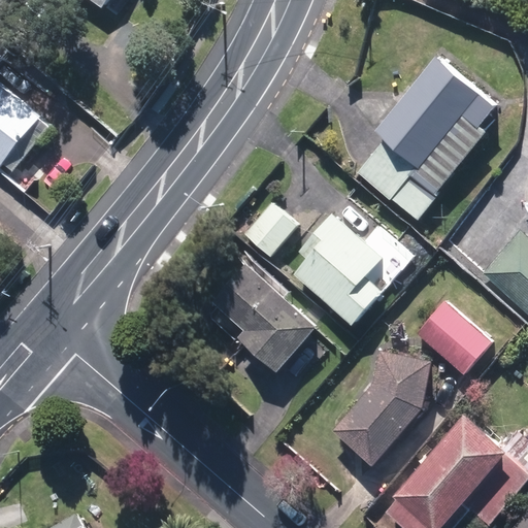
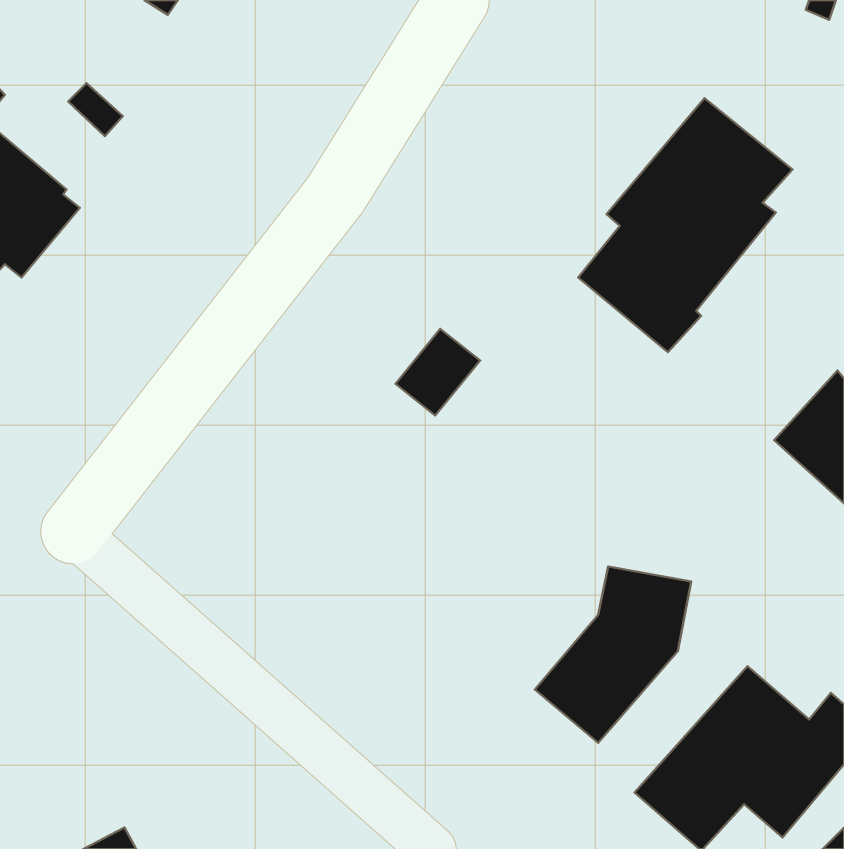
building: [294,216,383,326] -> none
building: [213,265,317,373] -> none
building: [418,301,493,374] -> none

